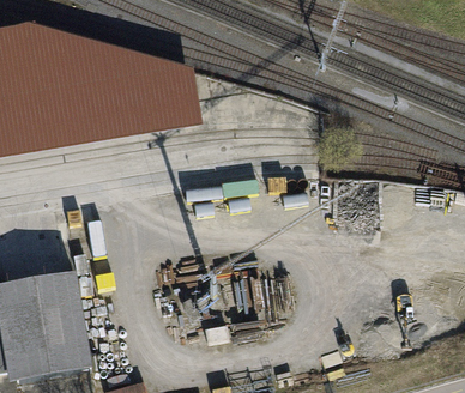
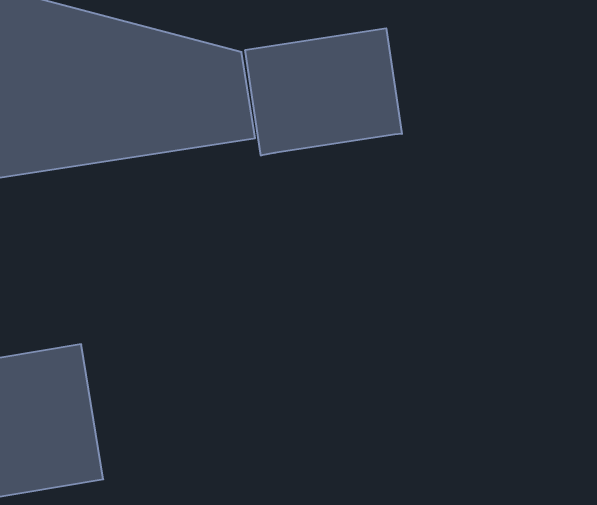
building: none -> [245,28,402,156]

